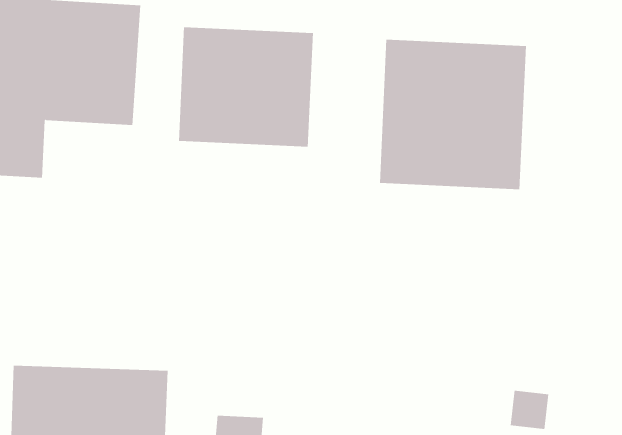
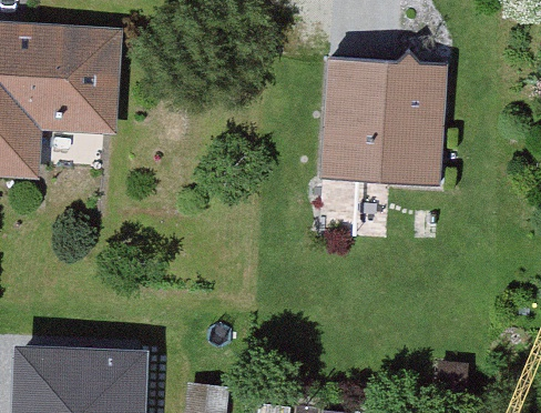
building: [178,27,313,147] -> none

